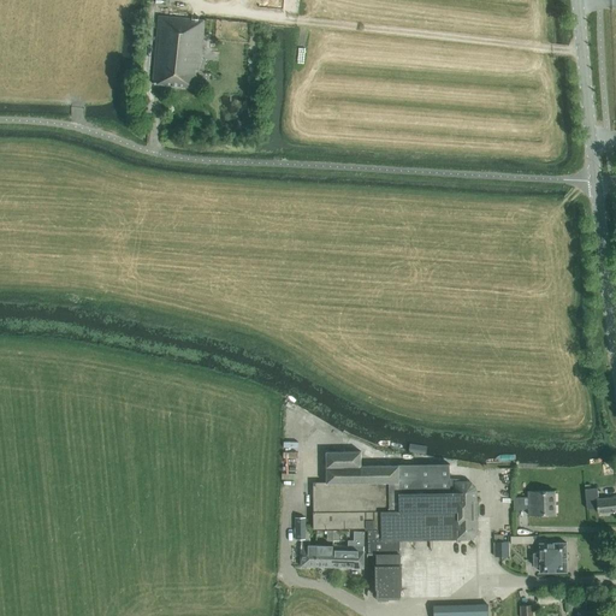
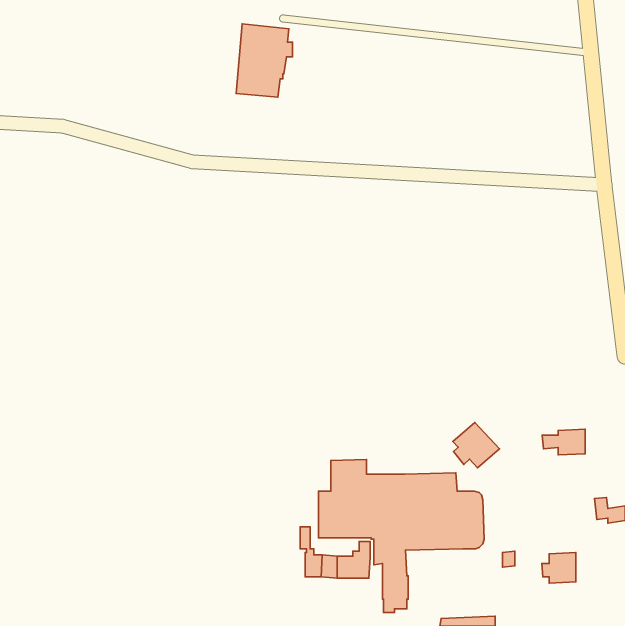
building: [152,16,207,88] -> [236,24,292,97]
building: none -> [453,423,499,468]
building: [511,491,553,516] -> [542,429,585,455]

